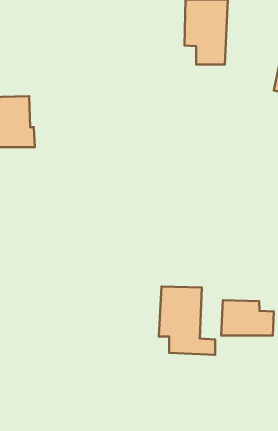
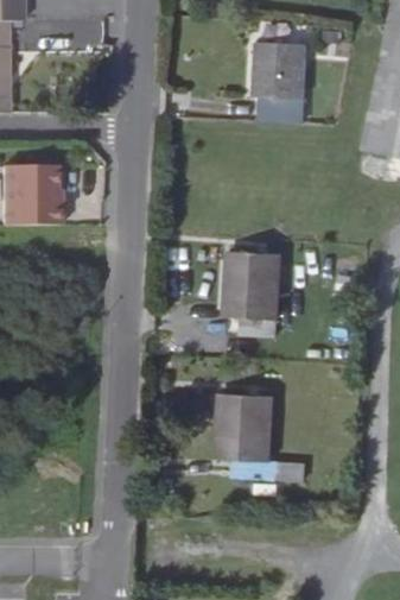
building: none -> [224,251,278,335]
building: [221,300,274,336] -> none

